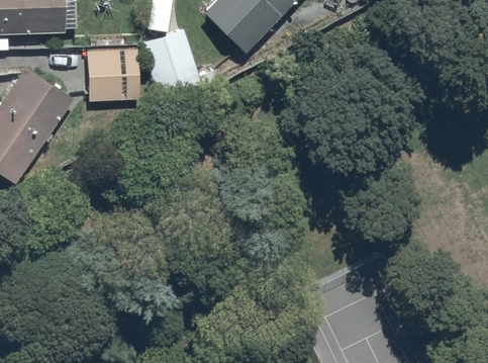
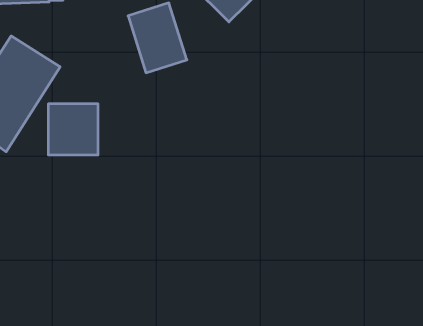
building: [89,51,139,102] -> [48,104,98,155]

